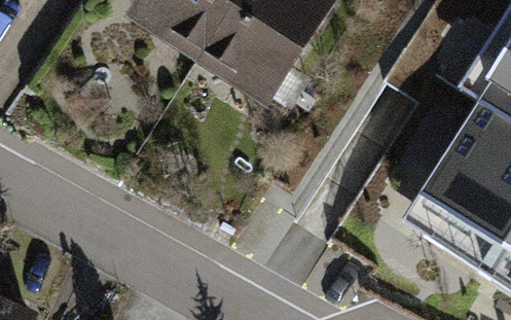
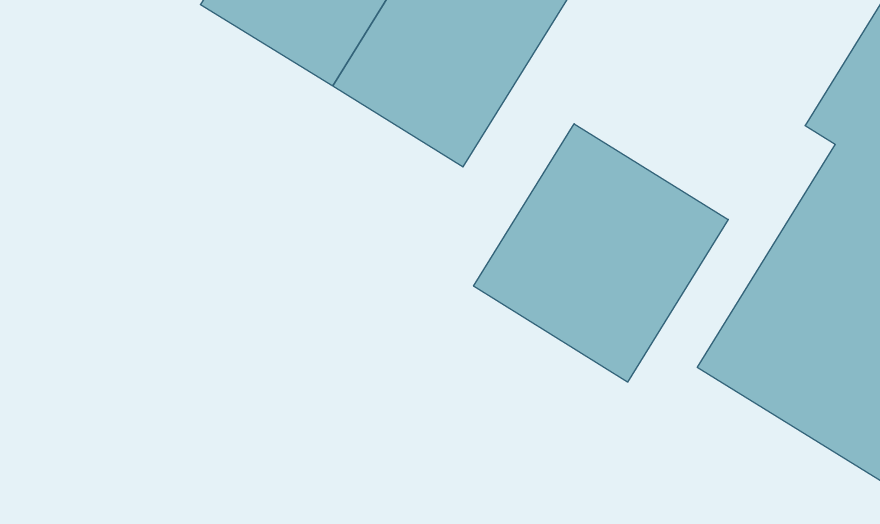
building: none -> [474,124,728,382]

